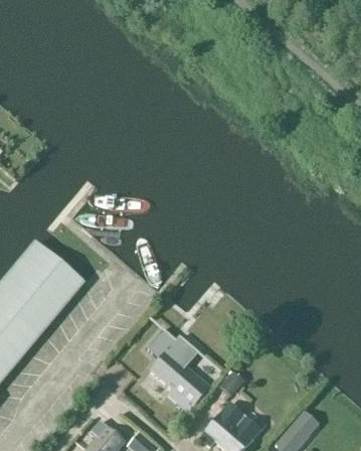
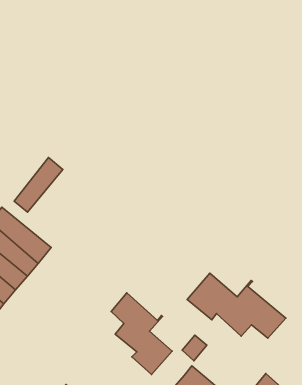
building: none -> [14,158,63,212]
building: none -> [187,273,286,338]

